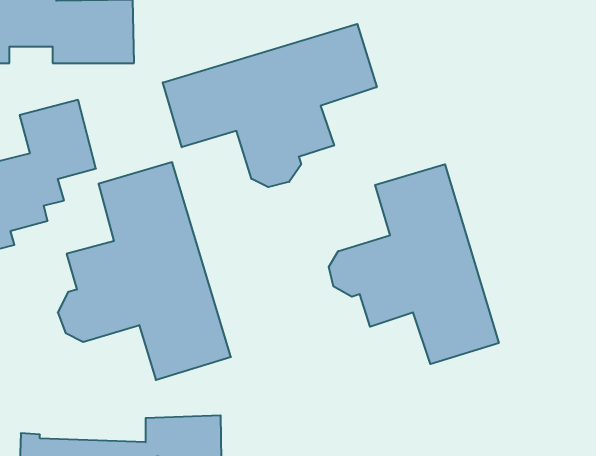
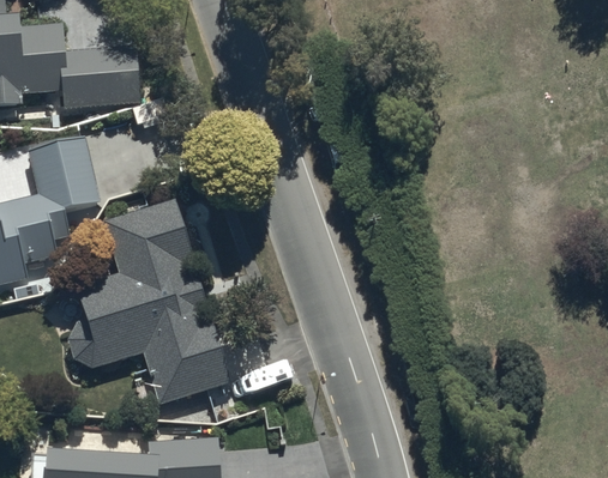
building: [163,24,377,187] -> none
building: [329,164,499,364] -> none

